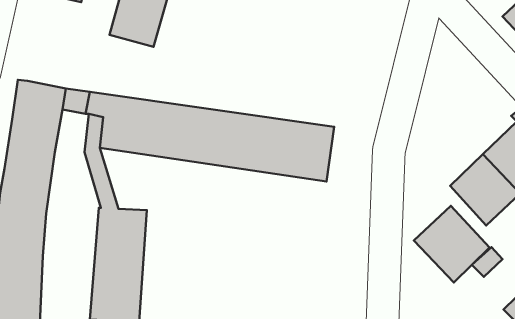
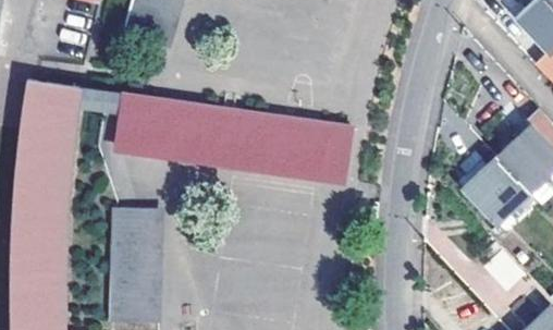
building: [414,206,490,283] -> none

